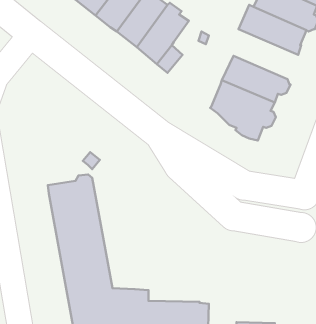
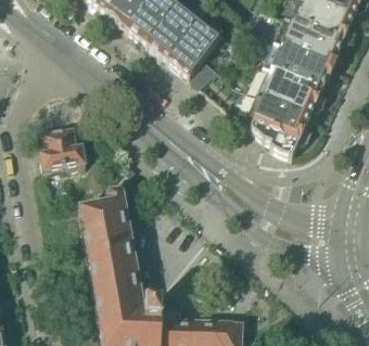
building: none -> [262,40,333,90]
building: none -> [39,127,86,171]

